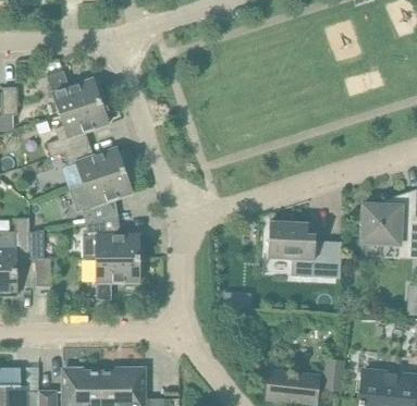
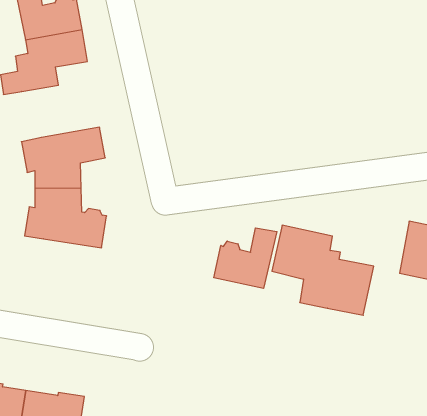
building: [63,144,124,184] -> none
building: none -> [214,228,277,288]
building: [91,258,139,299] -> none

